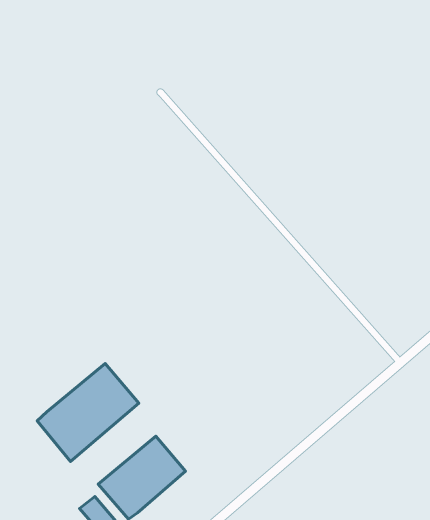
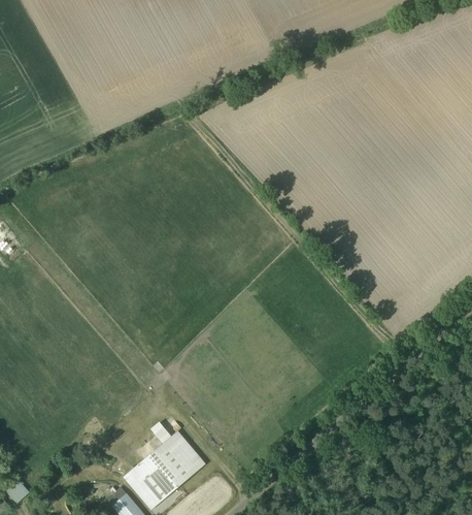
building: [37,363,139,462] -> none

